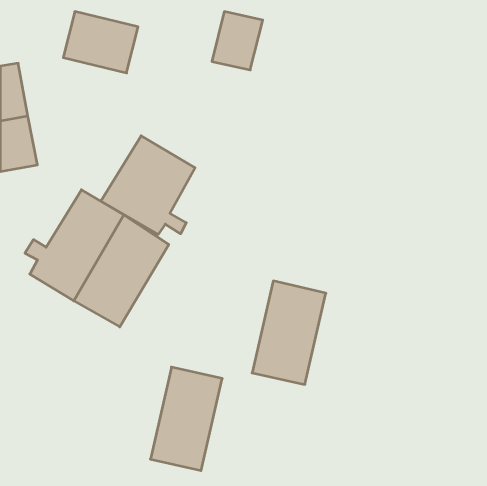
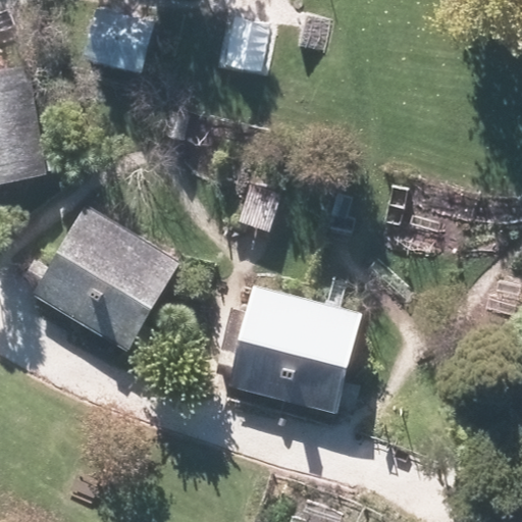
building: [101,136,195,234] -> none
building: [150,367,222,471] -> [217,286,294,397]

